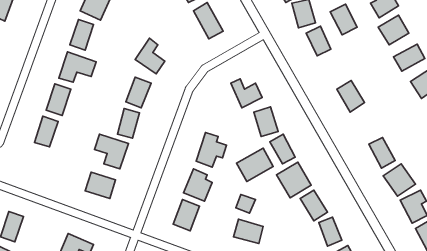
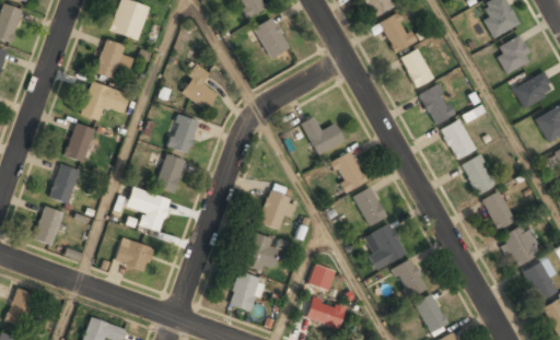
building: [330,4,357,35] -> [419,84,454,124]
building: none -> [460,154,498,195]
building: [237,148,273,182] -> none
building: none -> [34,207,63,246]

